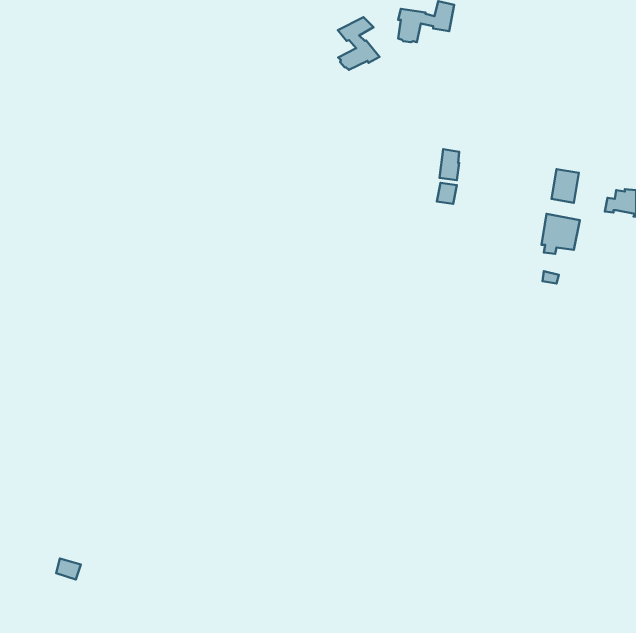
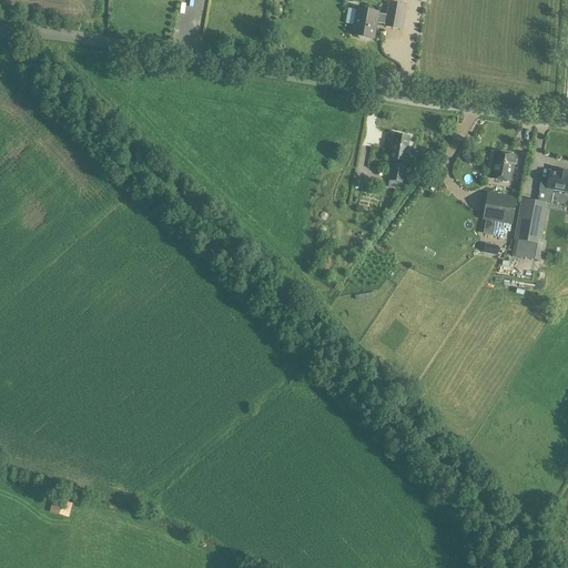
building: [338,17,379,70] -> none
building: none -> [513,197,547,260]

